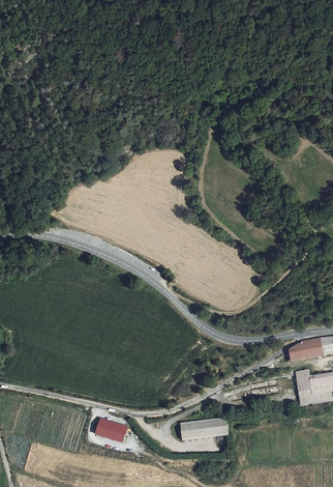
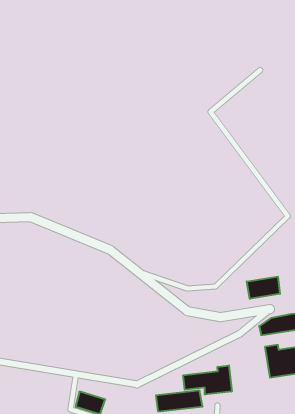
building: none -> [247,277,280,299]
building: none -> [183,365,232,395]

